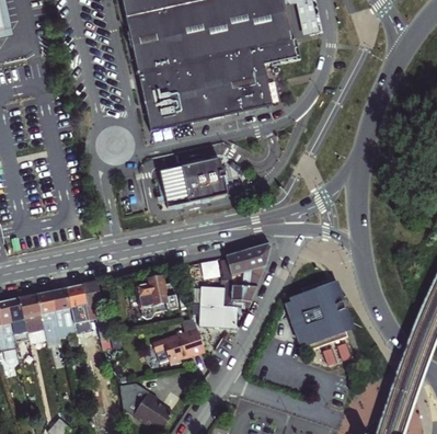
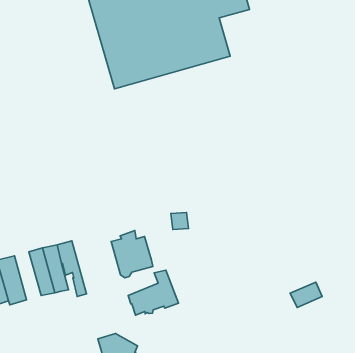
building: [160,155,227,203] -> none
building: [199,243,272,328] -> none
building: [288,278,348,349] -> none
building: [37,290,62,340] -> none

